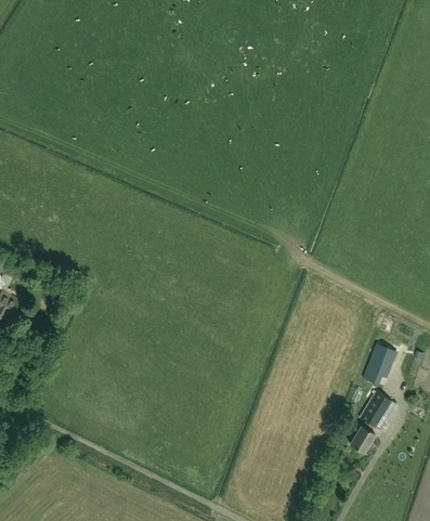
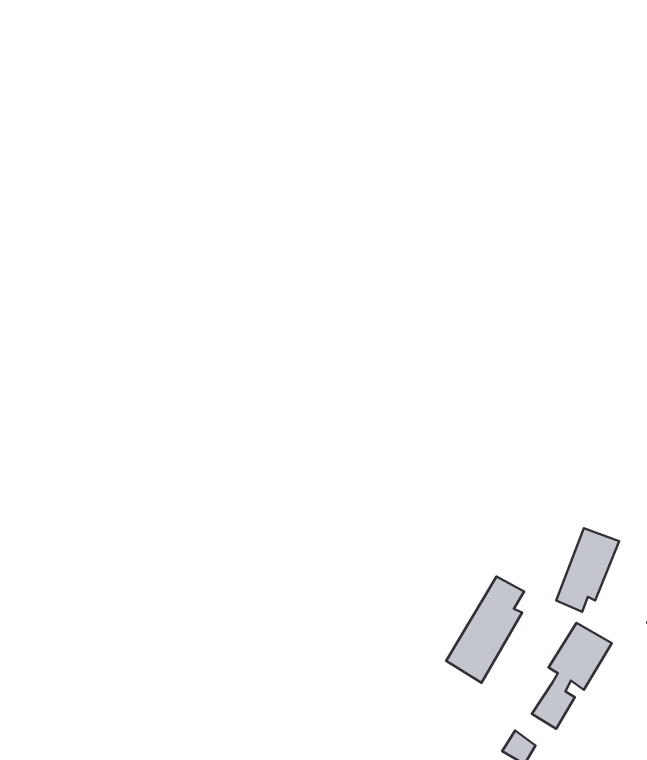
building: none -> [446,577,524,683]

